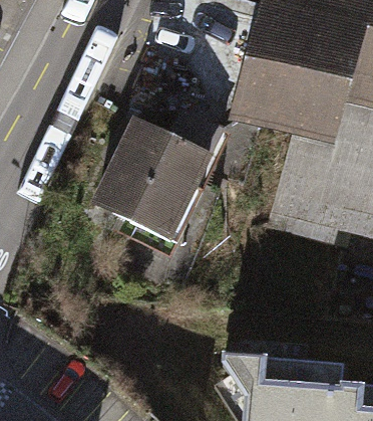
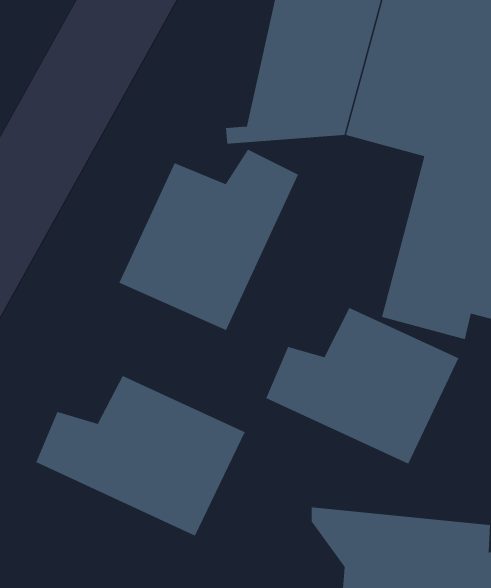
building: none -> [266,307,459,465]
building: none -> [36,375,245,536]

